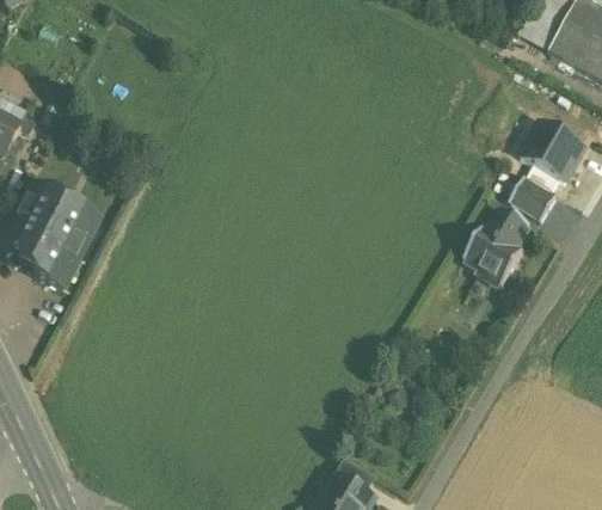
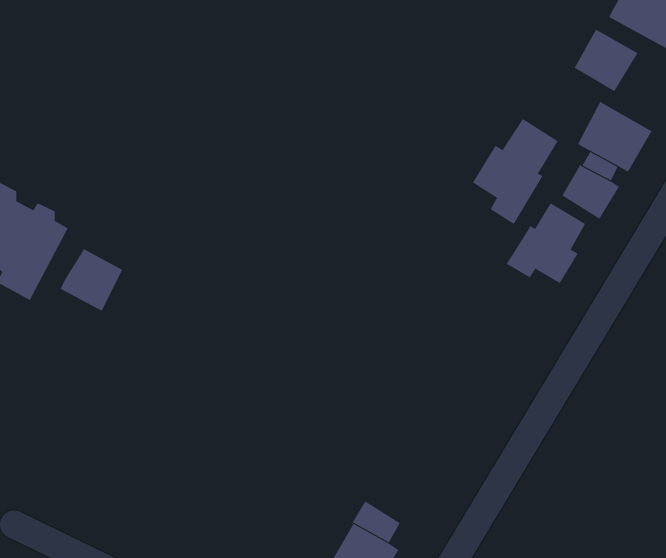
building: none -> [574,29,638,92]
building: none -> [472,118,559,225]
building: none -> [60,248,123,311]

